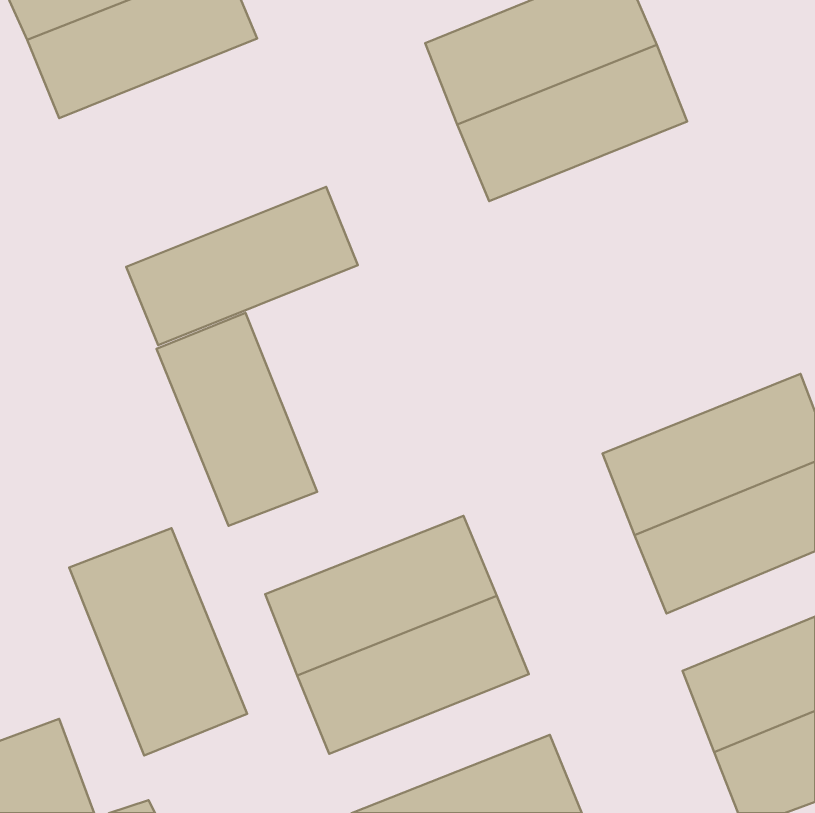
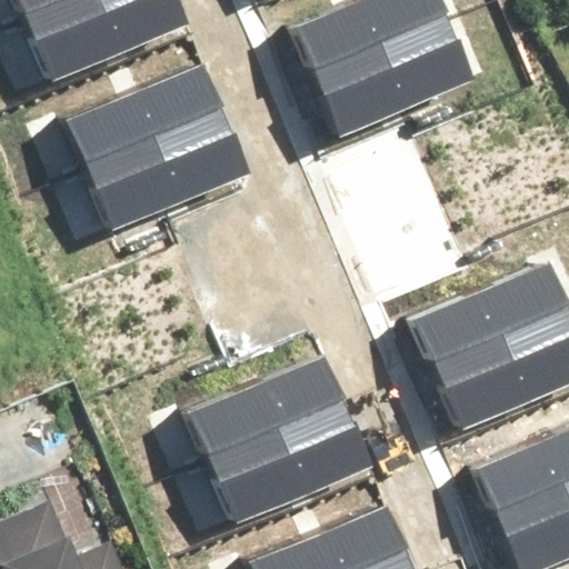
building: none -> [66,74,227,186]
building: [157,313,317,526] -> none
building: [69,528,247,756] -> none

